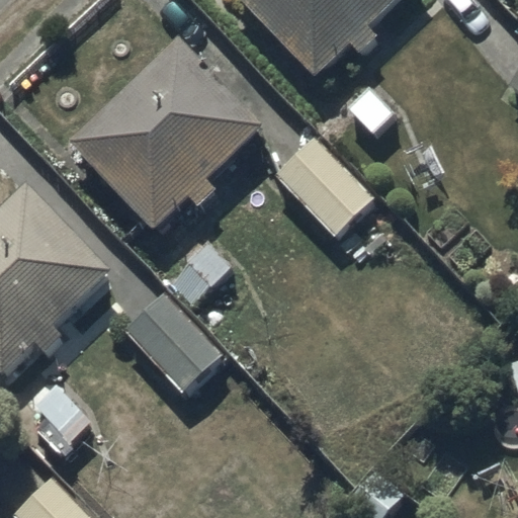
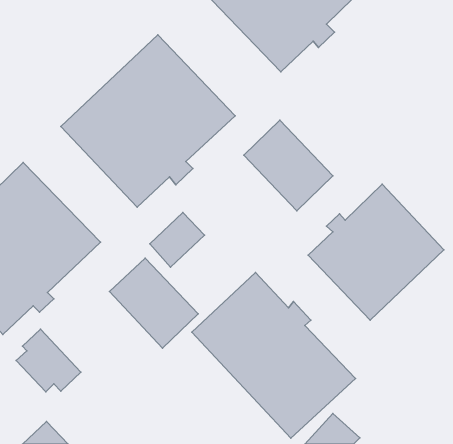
building: none -> [308,184,444,320]
building: none -> [192,273,355,438]

